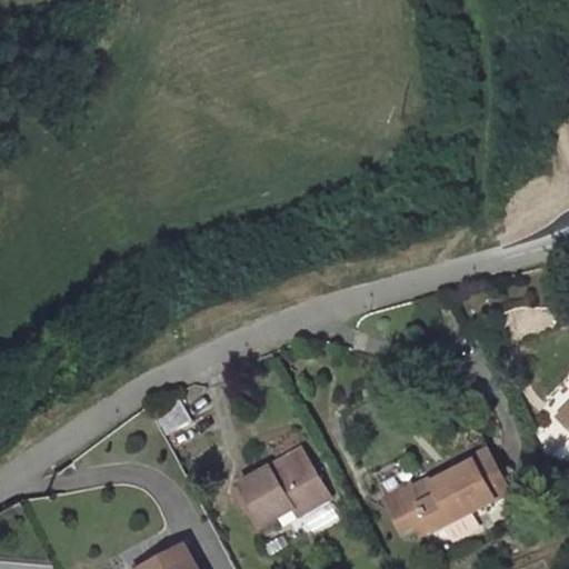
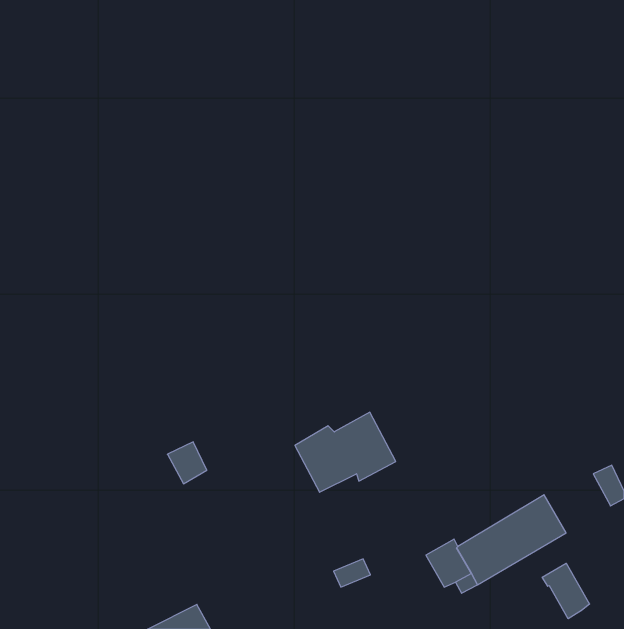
building: [237,451,328,523] -> [295,412,396,492]
building: none -> [542,563,590,619]

